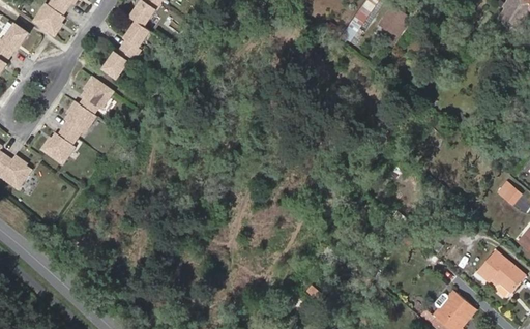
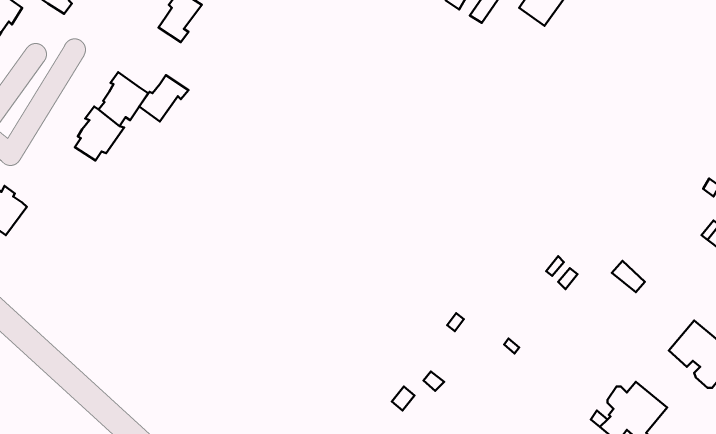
building: [104,46,138,78] -> [139,75,188,122]
building: [42,128,79,165] -> none

